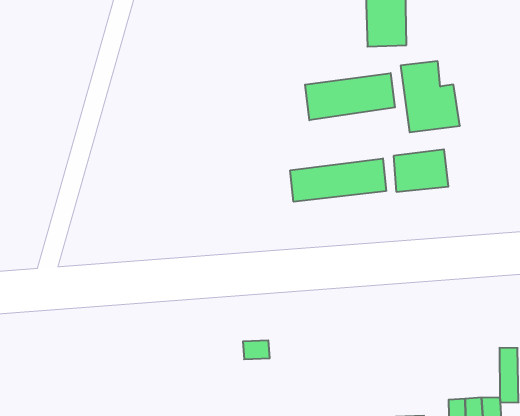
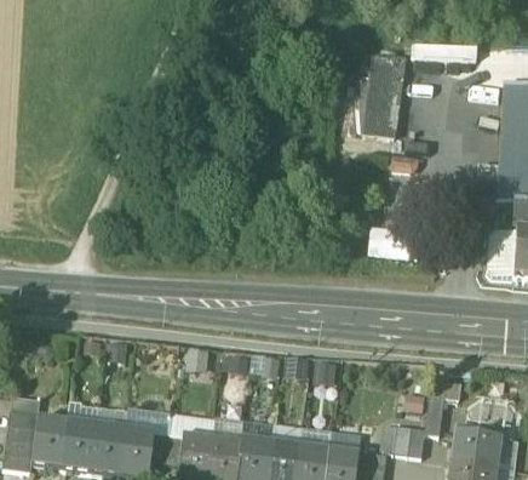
building: [305,73,395,120] -> none
building: [290,158,386,202] -> none

